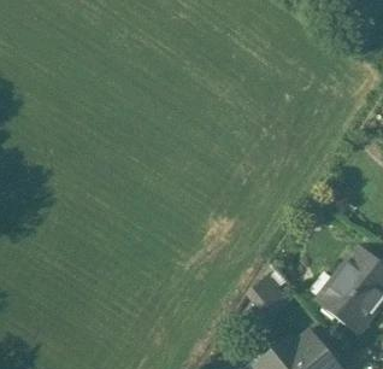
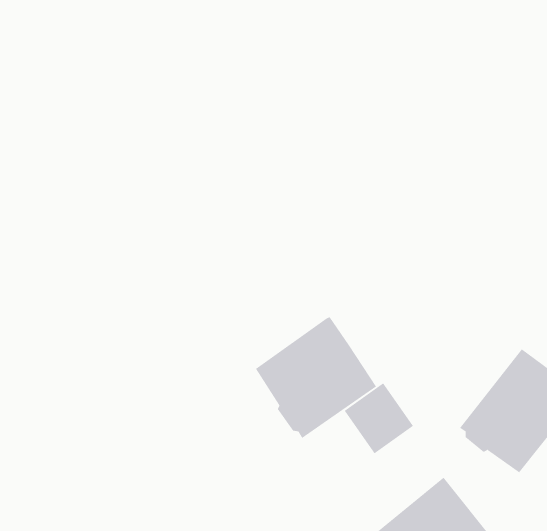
building: none -> [255,316,377,439]

